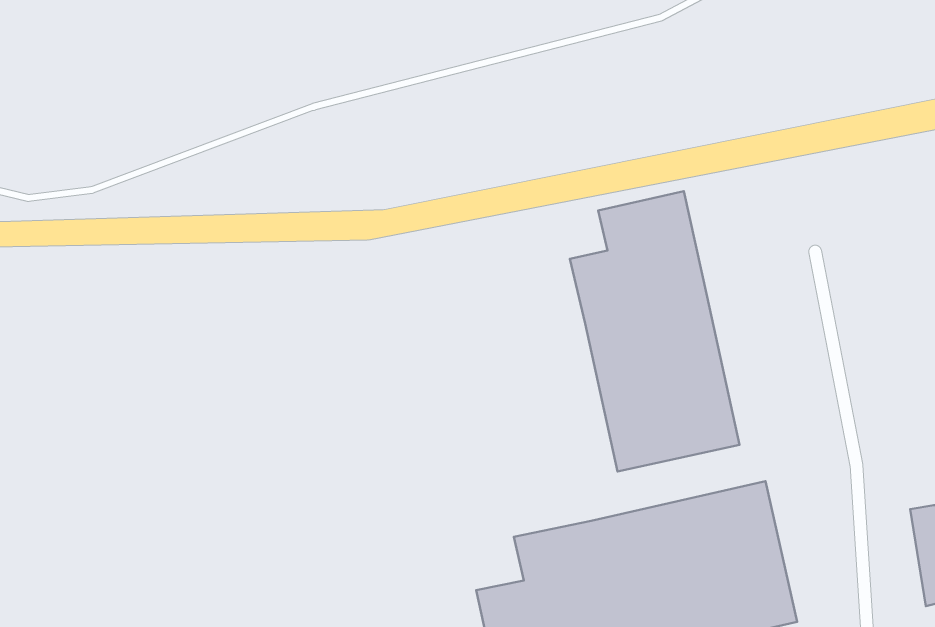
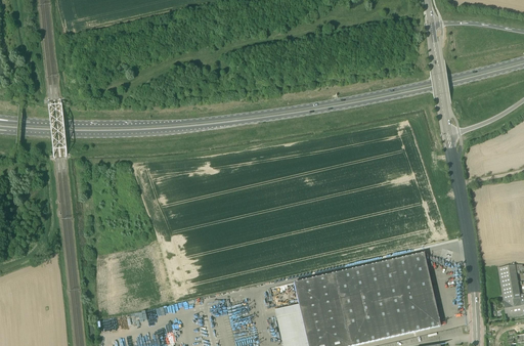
building: [570,191,739,472] -> none

